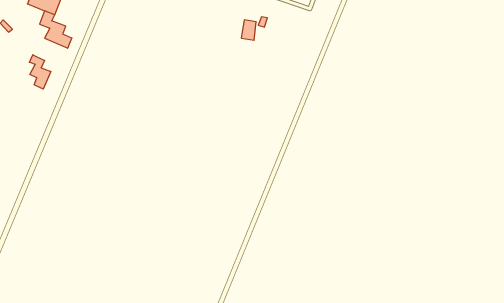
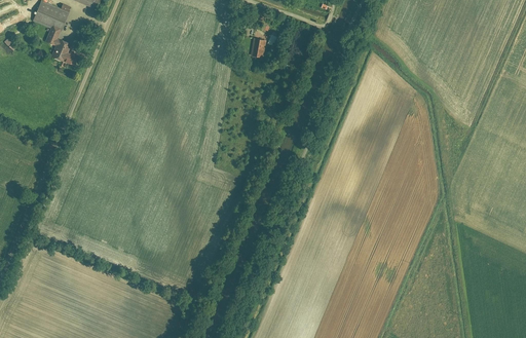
building: [29,55,51,89] -> none

